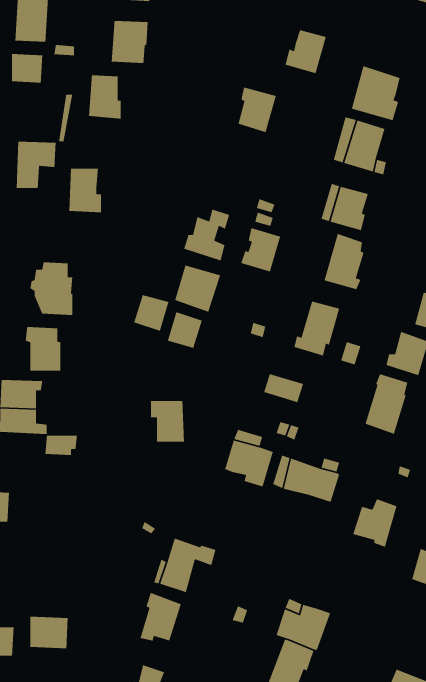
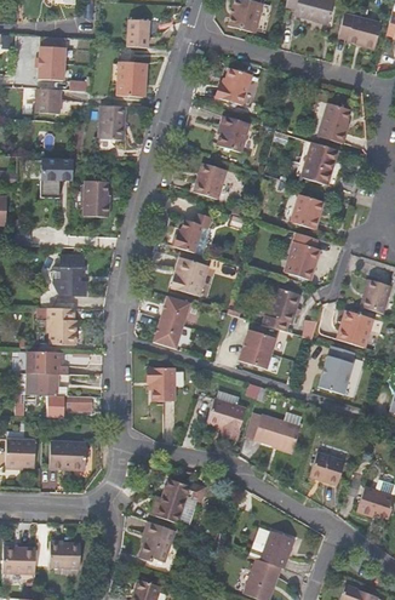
building: [284,29,327,74] -> [218,68,252,104]
building: [240,227,281,272] -> [194,162,227,199]
building: [133,294,169,332] -> [154,320,183,350]
building: none -> [244,328,276,354]
building: none -> [50,441,87,468]

